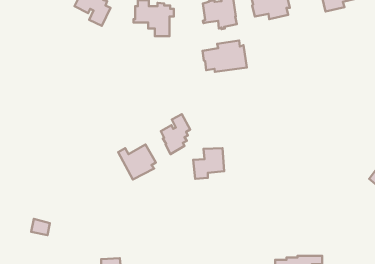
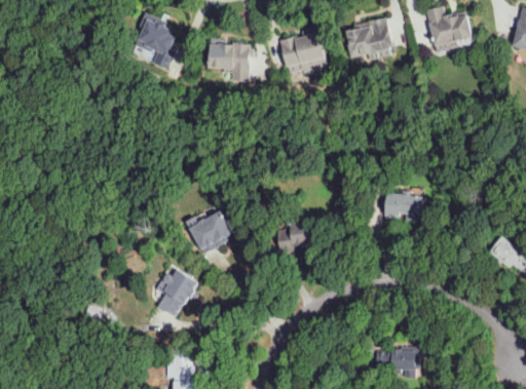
building: [202,40,247,72] -> none
building: [161,114,190,154] -> none
building: none -> [381,190,424,223]
building: none -> [154,269,198,316]

